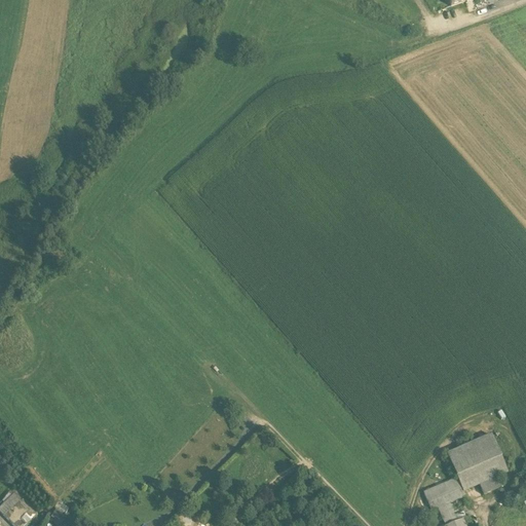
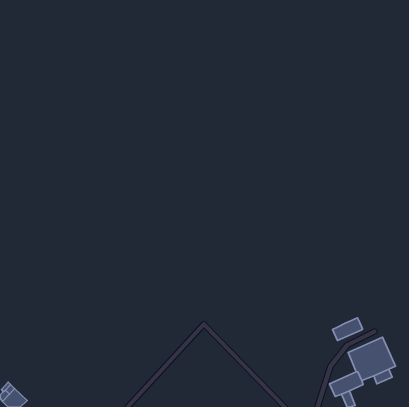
building: none -> [333,318,363,340]

